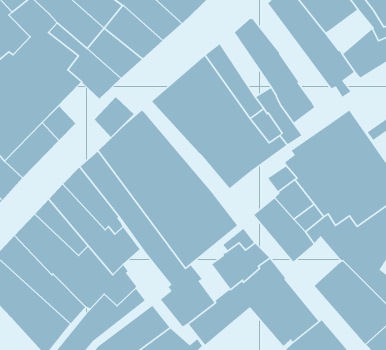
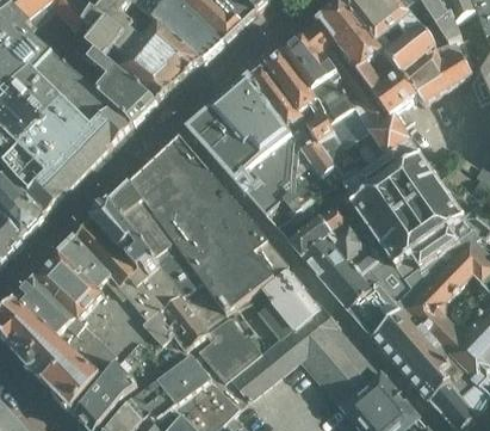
building: none -> [300,20,409,154]
building: none -> [383,26,435,75]
building: none -> [265,50,322,123]
building: [94,96,134,138] -> [86,106,131,153]
building: none -> [286,214,330,254]
building: none -> [347,279,399,333]
building: none -> [161,294,207,345]

